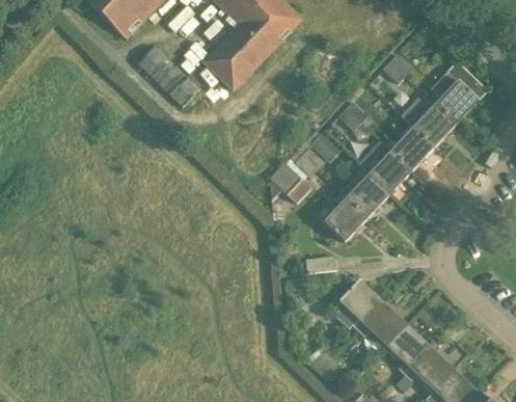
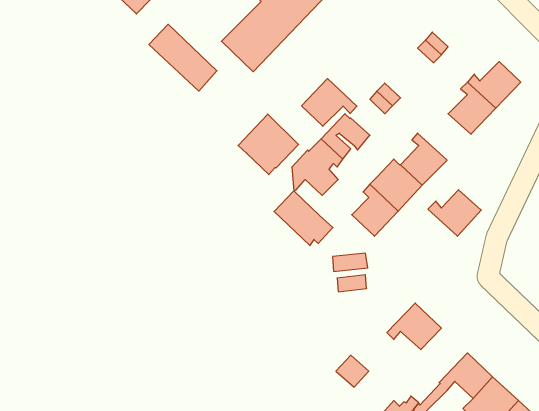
building: none -> [302,79,357,126]
building: [384,128,433,170] -> [428,190,481,236]
building: none -> [238,114,299,175]
building: none -> [274,191,333,246]
building: [330,279,382,328] -> none
building: [387,324,430,374] -> none

